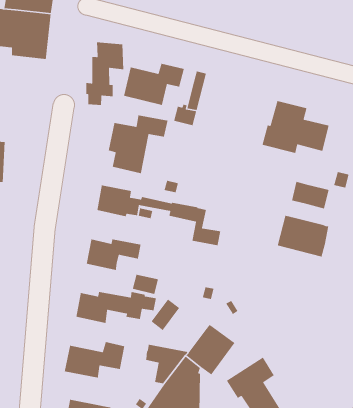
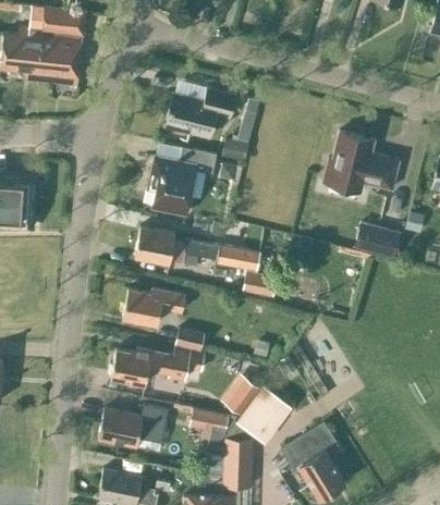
building: [85,42,124,106] -> none
building: [277,215,329,258] -> none
building: [150,298,180,331] -> [225,380,259,417]

